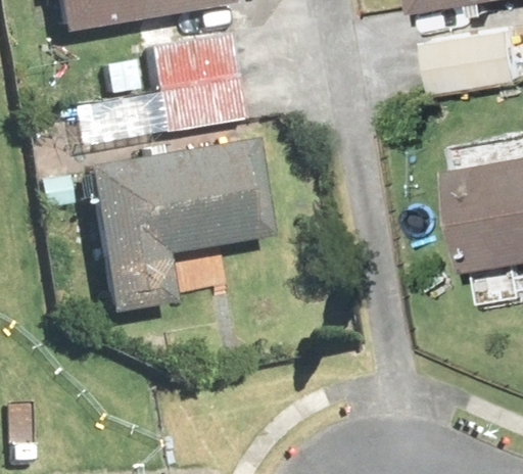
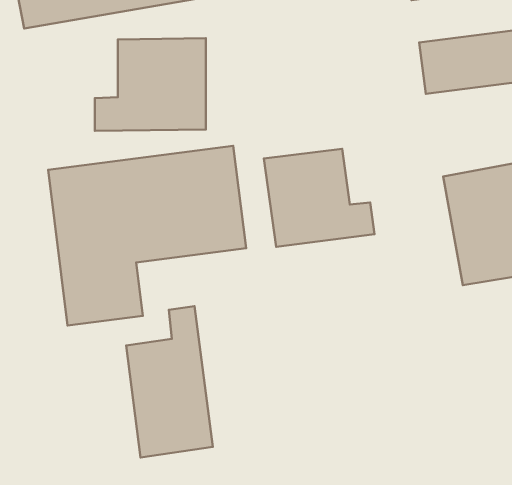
building: none -> [264,149,375,247]
building: none -> [126,306,213,457]

